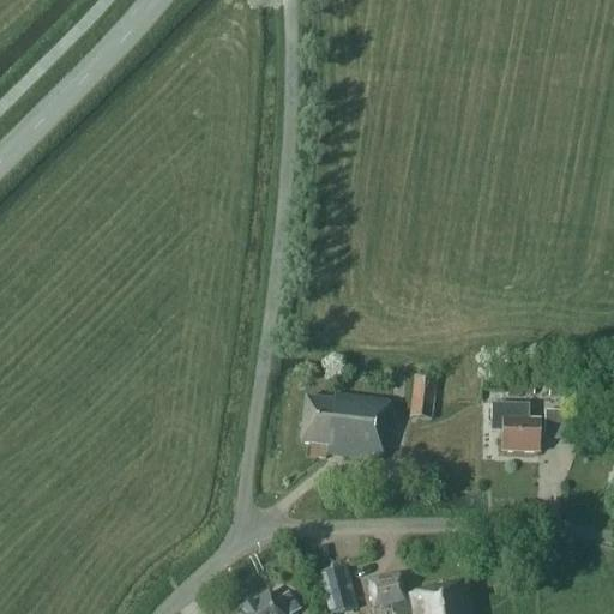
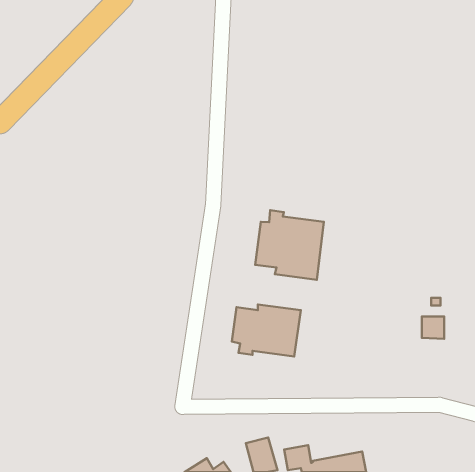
building: none -> [255,210,324,280]
building: [409,373,437,417] -> none
building: [490,402,540,451] -> none

